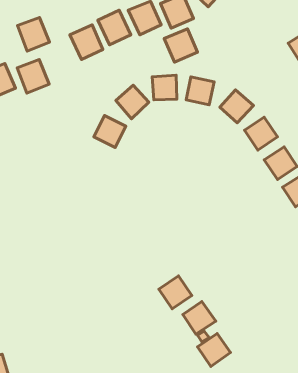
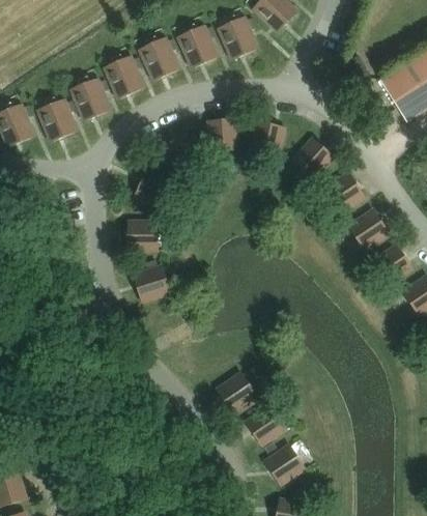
building: [17,17,50,51] -> [70,78,111,120]
building: [164,29,198,62] -> none
building: none -> [127,220,158,250]
building: none -> [133,264,171,302]

